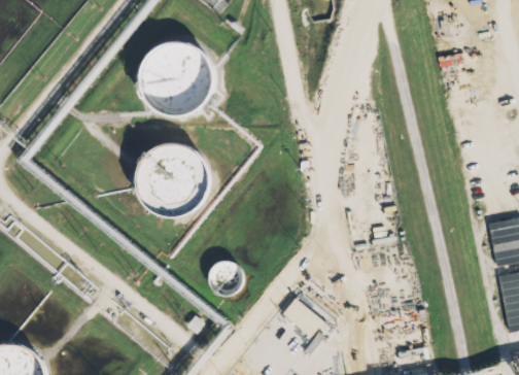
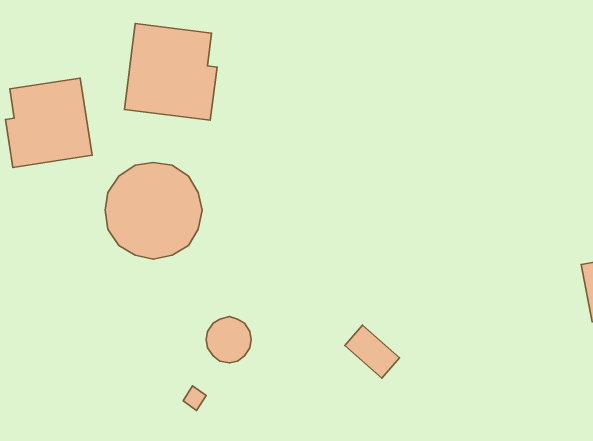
building: none -> [5,78,92,167]
building: [283,296,324,336] -> [345,325,399,378]

